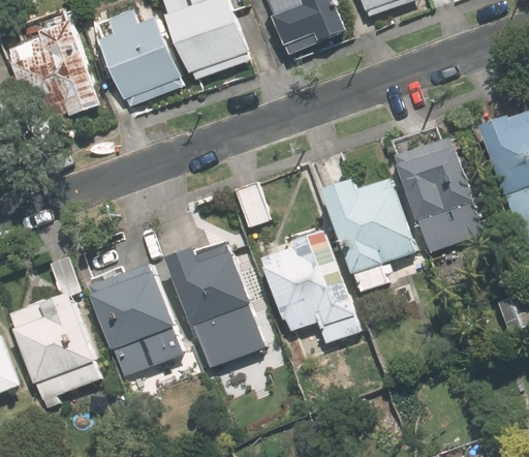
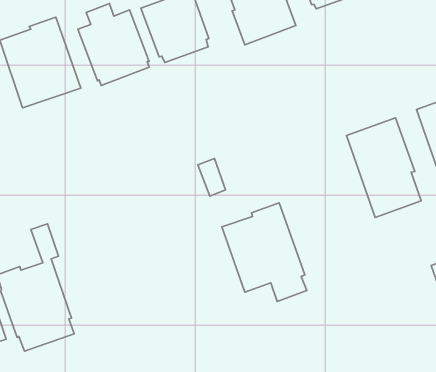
building: [310,152,418,292] -> none
building: [166,245,254,356] -> none
building: [89,266,179,366] -> none

